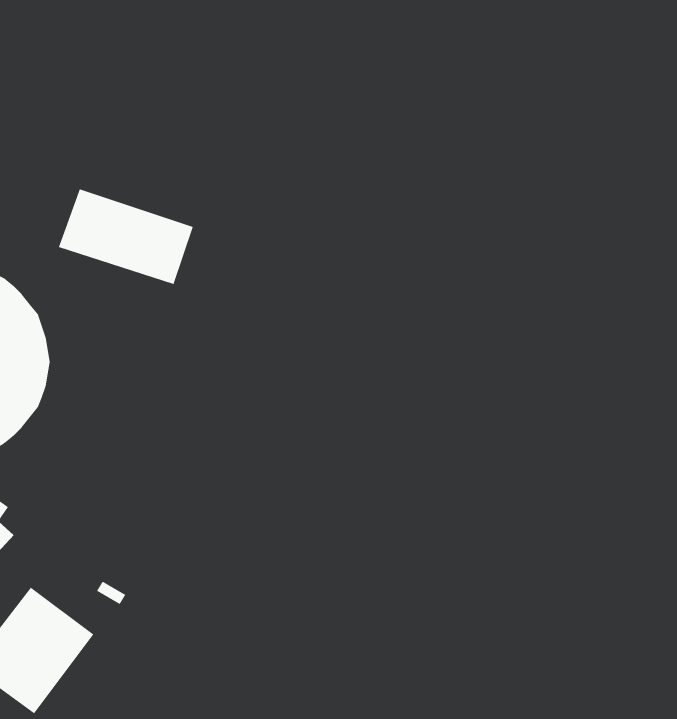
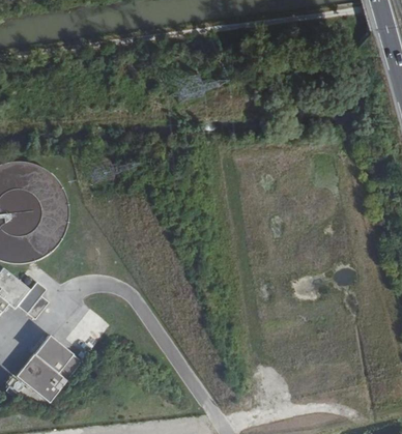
building: [58,188,193,285] -> none

